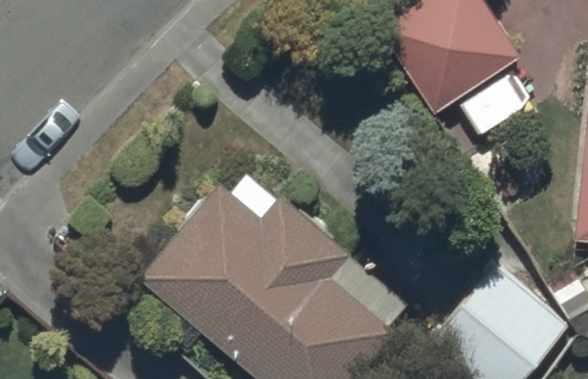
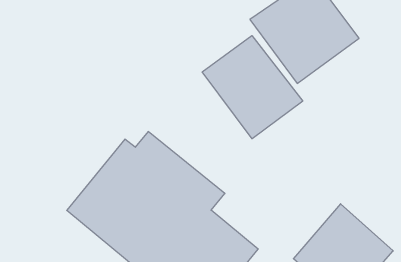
building: none -> [202,36,303,139]

